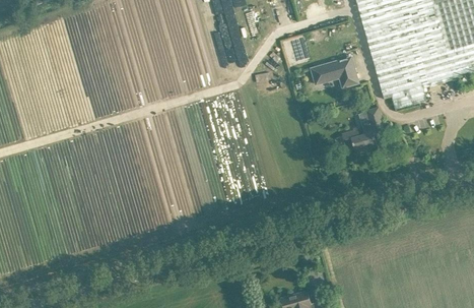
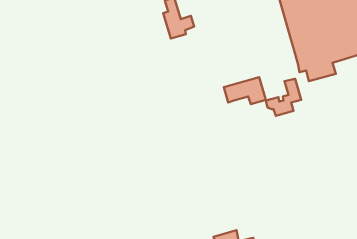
building: [310,56,360,88] -> [224,77,266,104]

